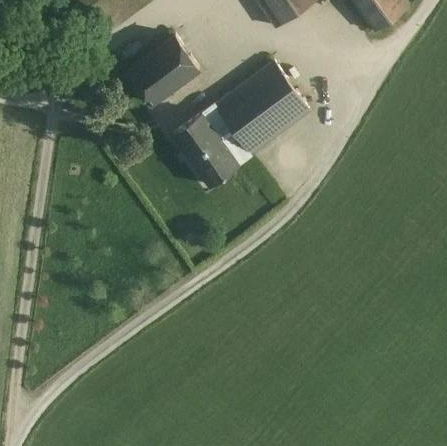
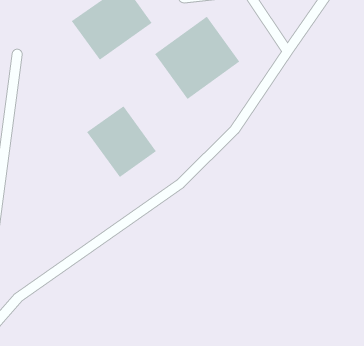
building: [169,104,248,185] -> [86,105,157,178]

